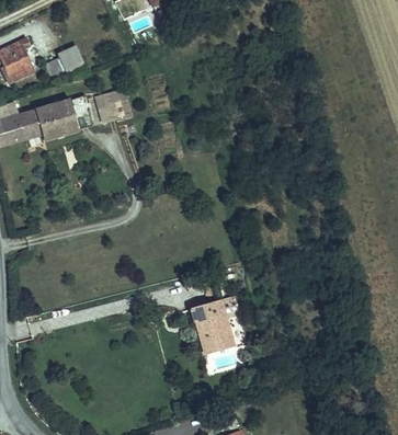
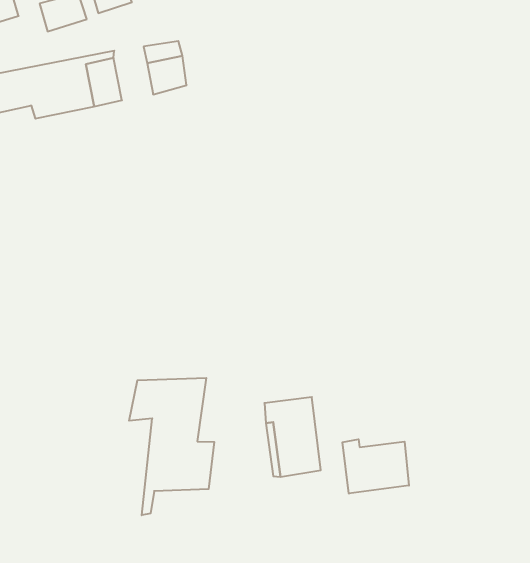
building: none -> [129,378,214,515]
building: none -> [342,439,409,494]

